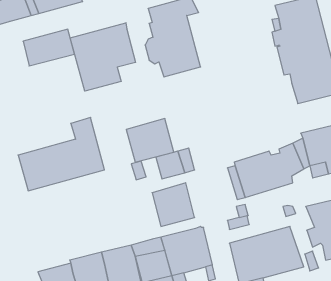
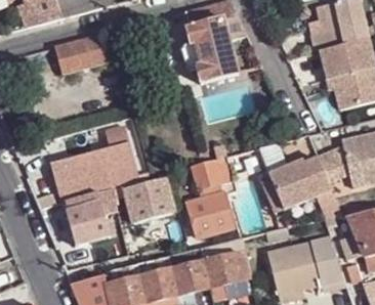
building: [70,23,136,91] -> none
building: [126,119,174,162] -> [124,177,173,222]
building: none -> [61,190,110,244]

